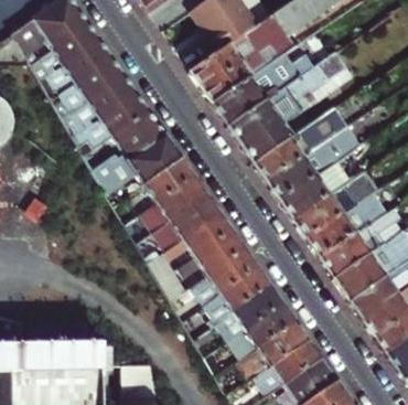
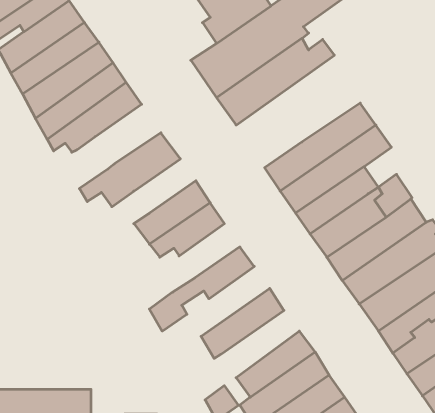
building: [229,52,353,162] -> none
building: [87,108,165,181] -> none
building: [142,154,195,201] -> none
building: [143,210,233,283] -> none
building: [167,246,258,311] -> none
building: [216,284,283,341] -> none

